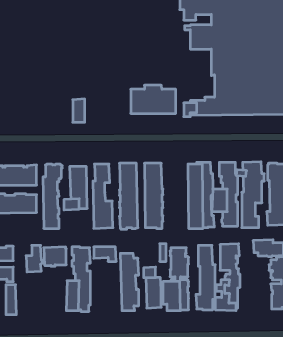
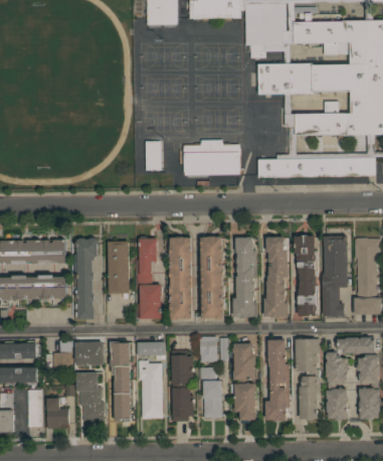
building: [73,99,85,122] -> [146,141,161,170]
building: none -> [233,238,257,318]
building: none -> [200,337,217,362]
building: none -> [326,352,349,421]
building: none -> [139,360,163,419]
building: none -> [76,372,105,421]
building: none -> [47,399,68,429]

